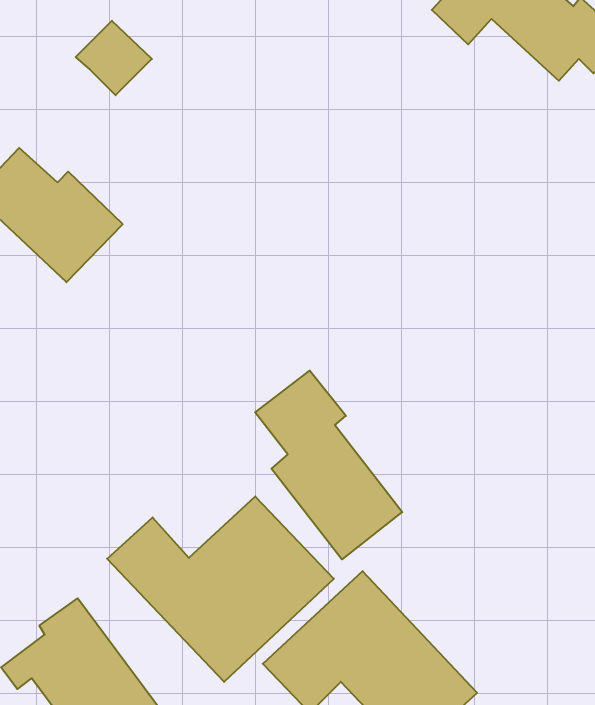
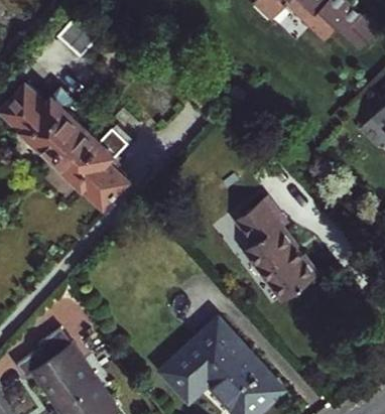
building: none -> [54,126,130,206]
building: [255,371,402,559] -> [238,196,319,301]
building: [107,496,334,682] -> none

